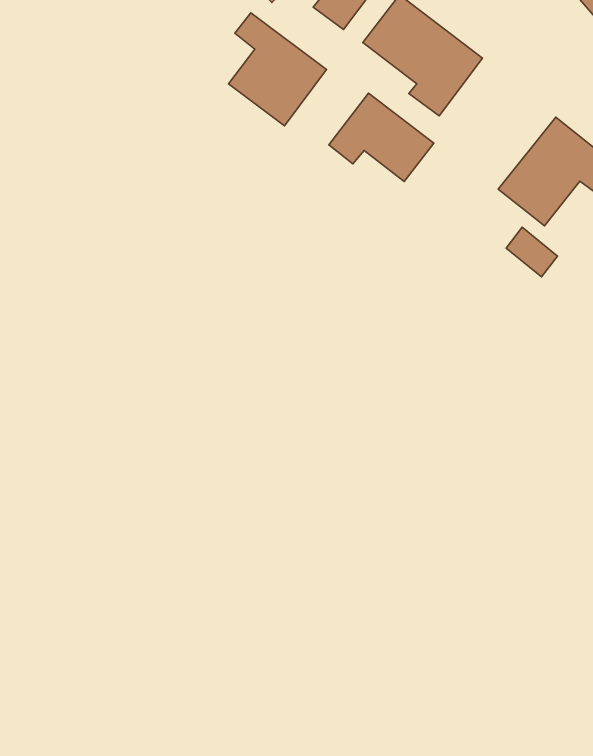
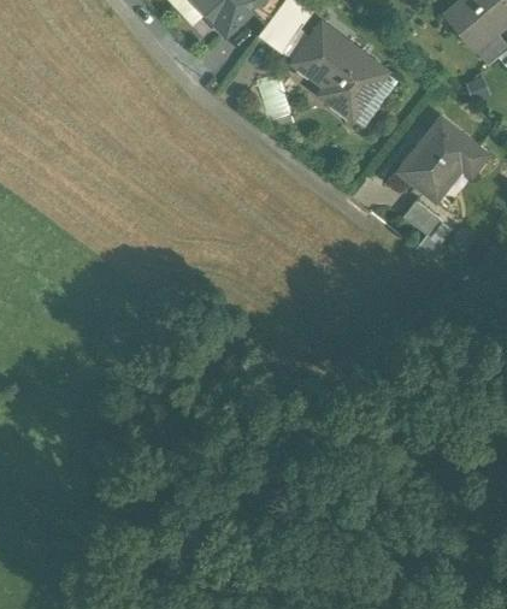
building: [228,13,326,126] -> none
building: [329,93,434,181] -> none

